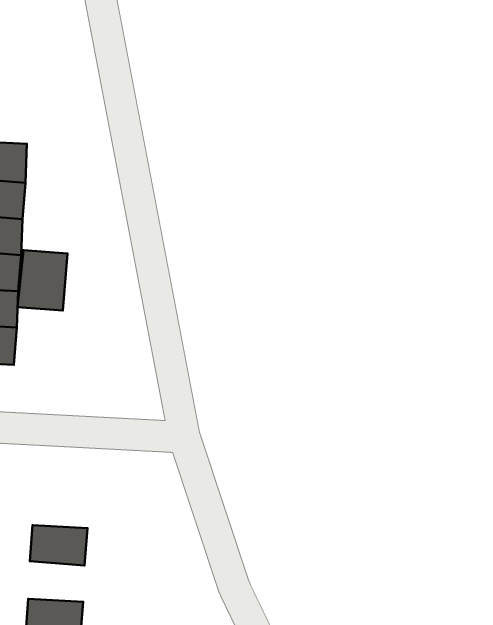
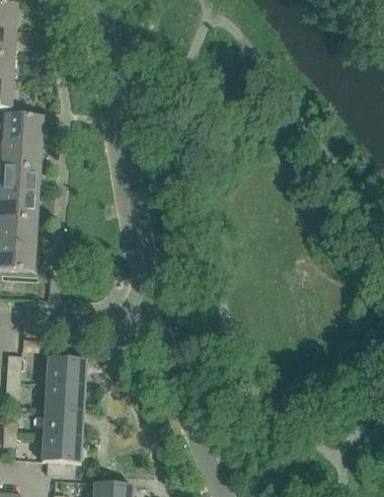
building: [17,250,67,311] -> none
building: none -> [47,357,86,385]
building: none -> [44,409,83,437]

